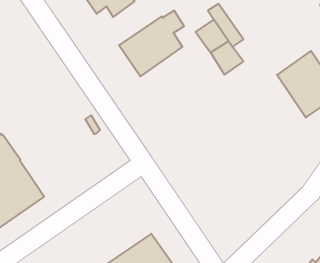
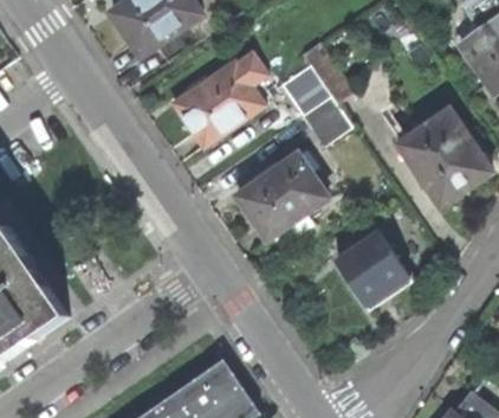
building: none -> [236,143,328,237]
building: none -> [337,232,407,302]

